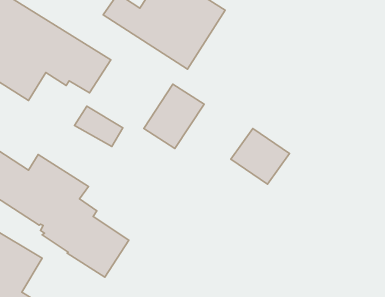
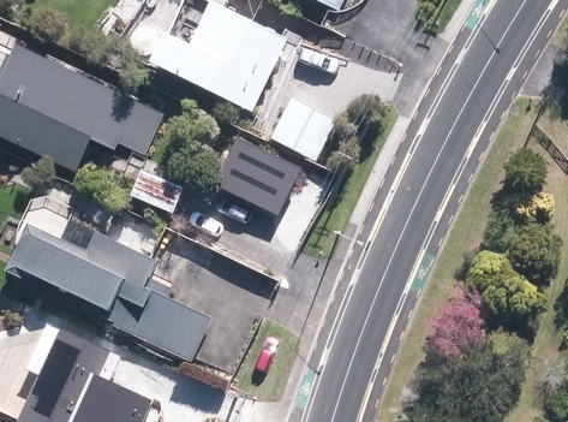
building: [231,128,290,184] -> [270,96,336,157]

